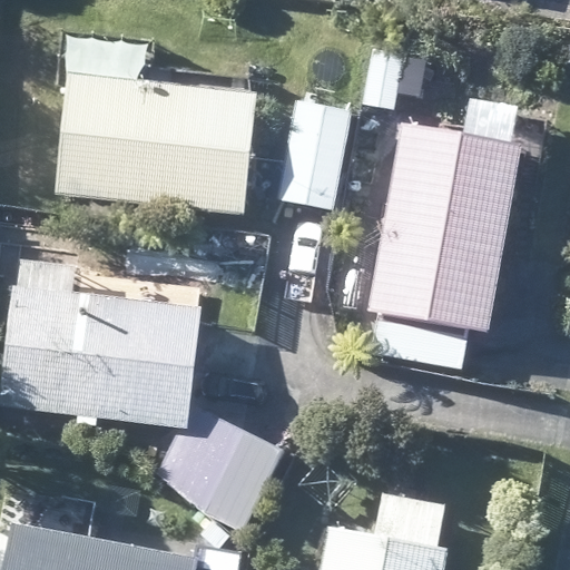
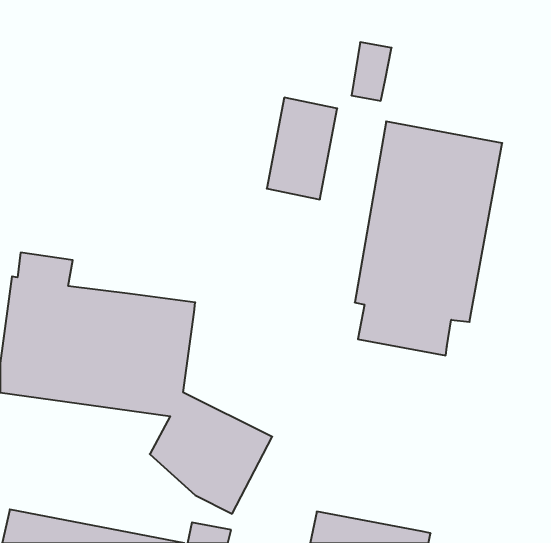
building: [56,38,256,213] -> none

